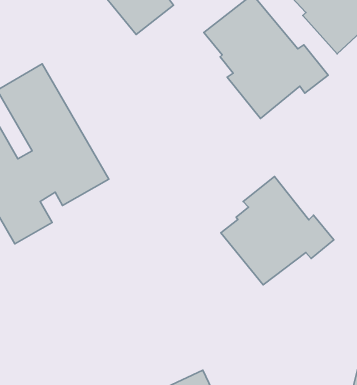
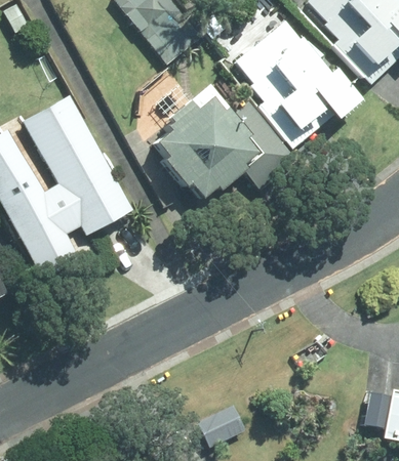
building: none -> [153,86,295,202]
building: [221,176,334,285] -> none

